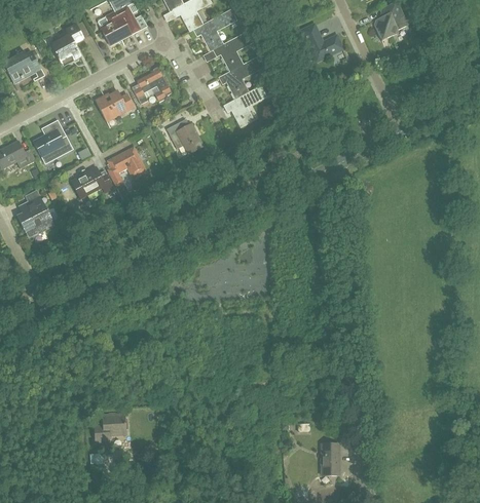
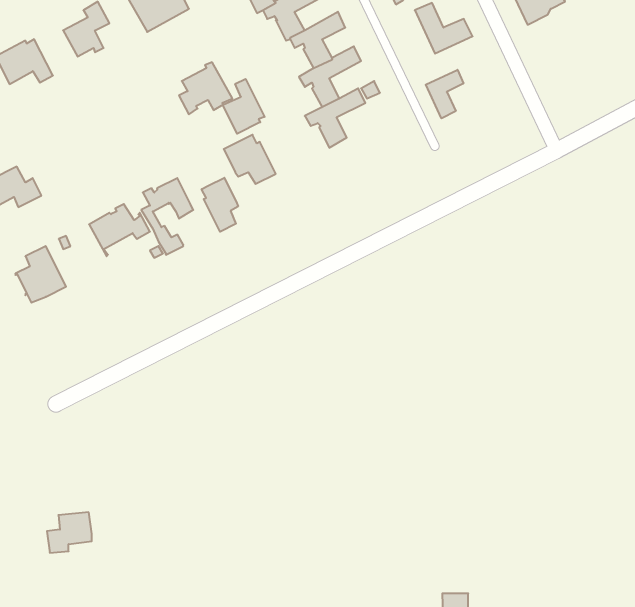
building: none -> [426,70,463,118]
building: none -> [223,79,265,134]
building: [96,89,134,120] -> none
building: [34,119,73,162] -> none
building: none -> [202,178,238,232]
building: [94,412,125,440] -> [47,512,92,553]

